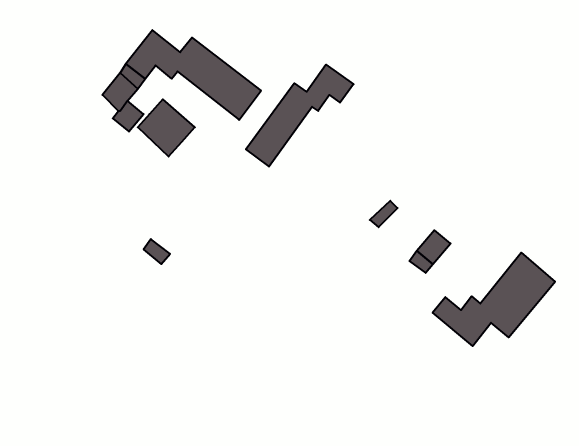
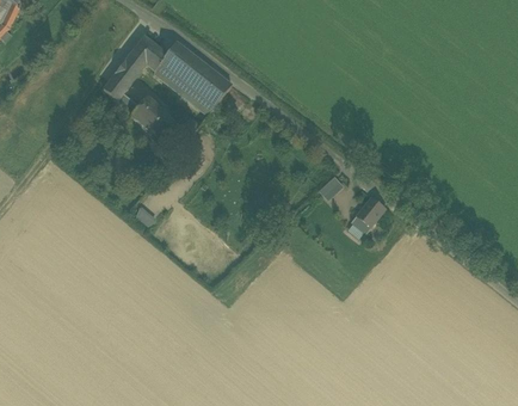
building: [246,65,354,167] -> none
building: [433,253,555,346] -> none

